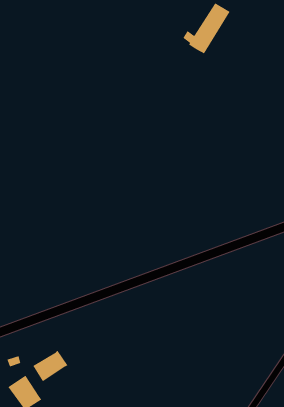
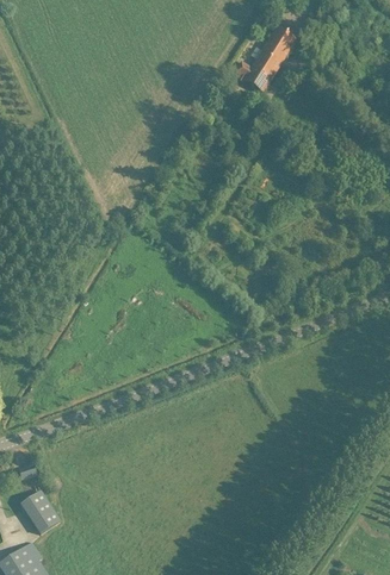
building: [33,350,68,382] -> none

